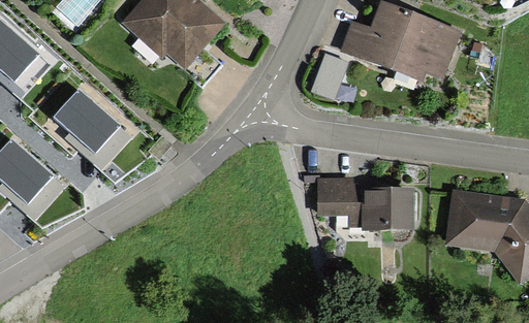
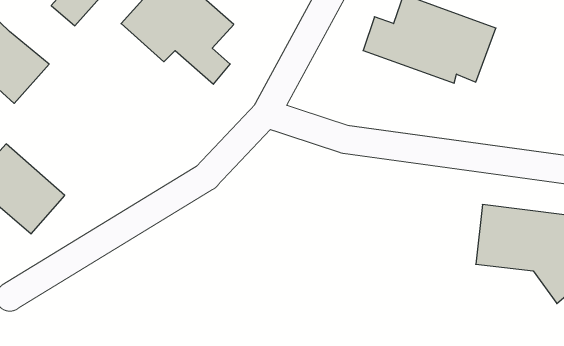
building: [315,51,349,97] -> none
building: [54,86,133,169] -> none
building: [316,176,414,230] -> none

